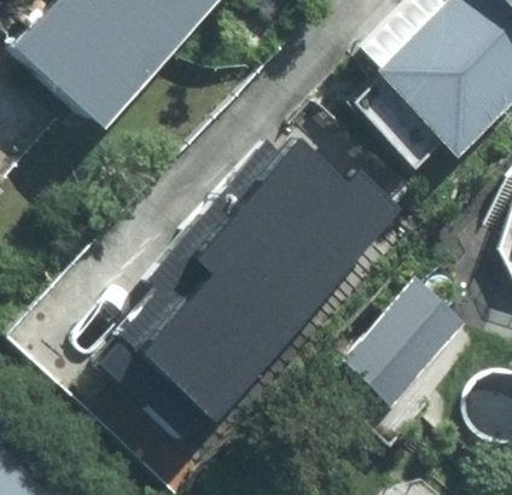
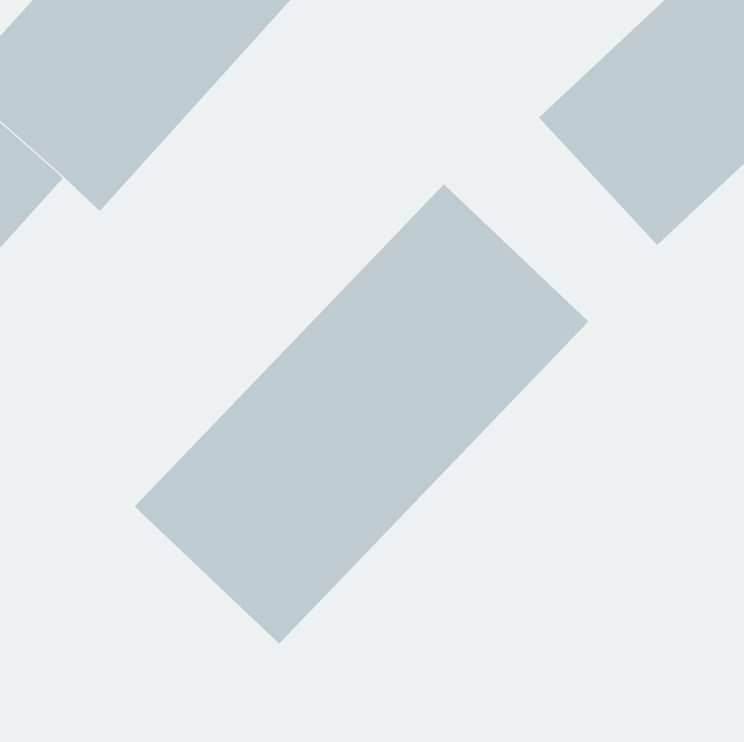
building: [337,272,493,420] -> none

